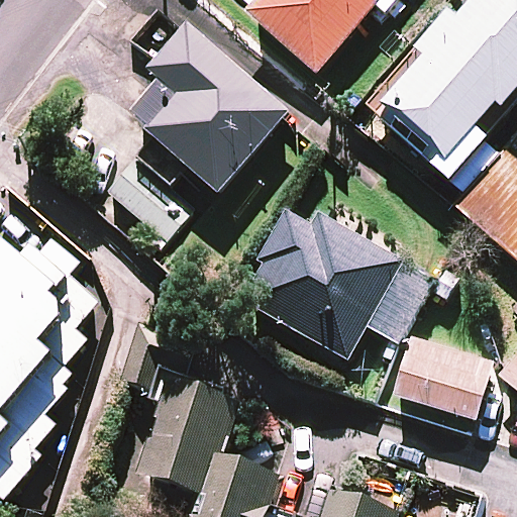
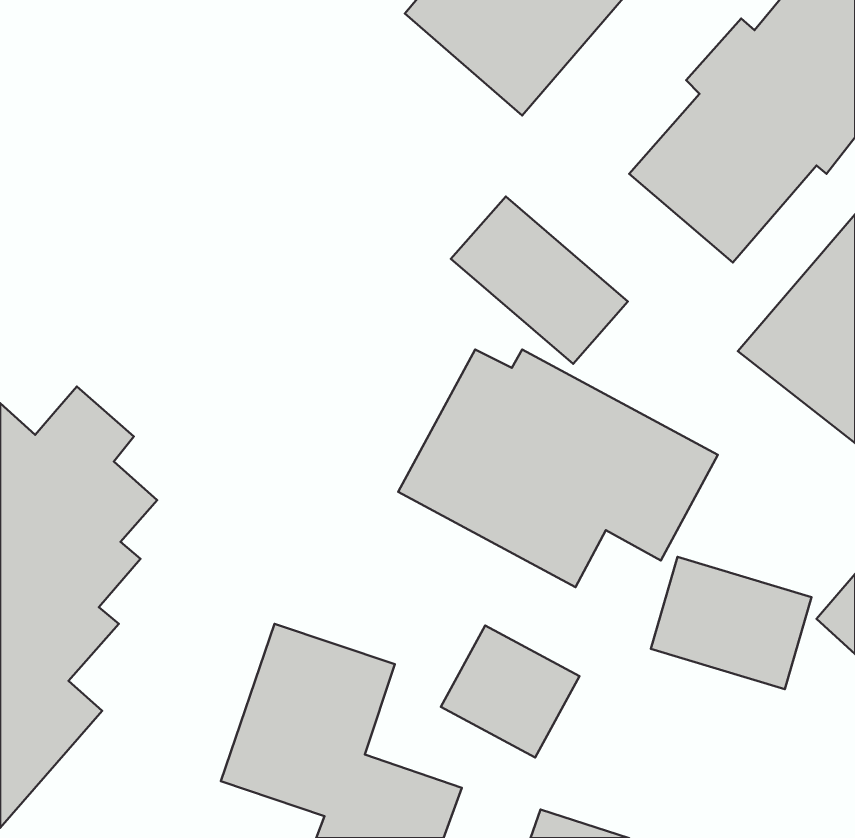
building: [111,25,285,237] -> none
building: none -> [451,196,628,364]
building: none -> [441,626,580,758]

